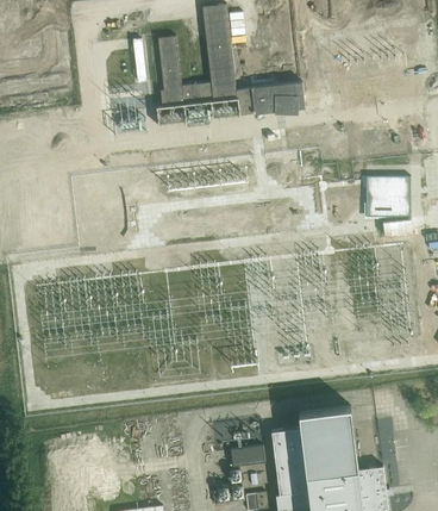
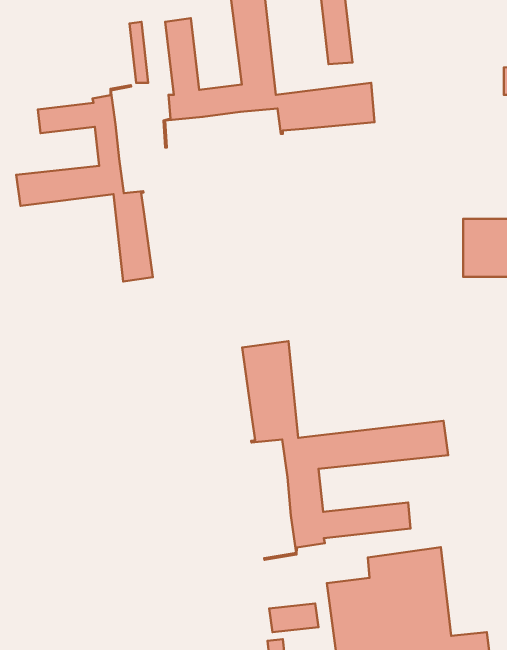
building: none -> [16,85,153,282]
building: none -> [242,341,448,560]

